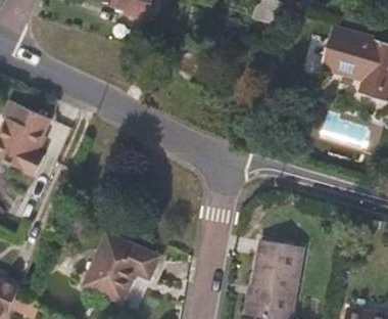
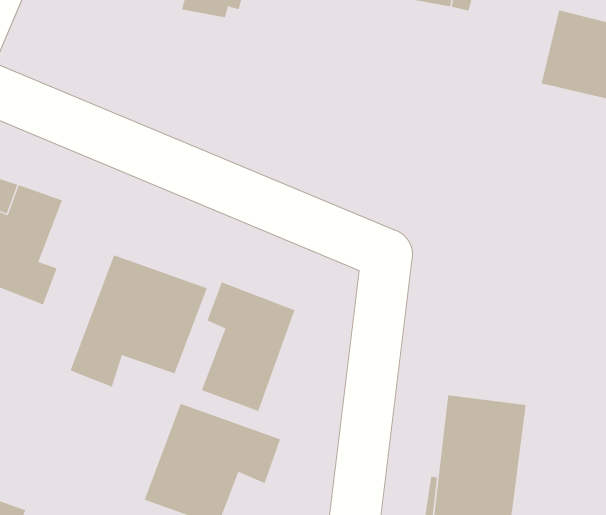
building: none -> [70,254,207,387]
building: none -> [201,281,295,412]

